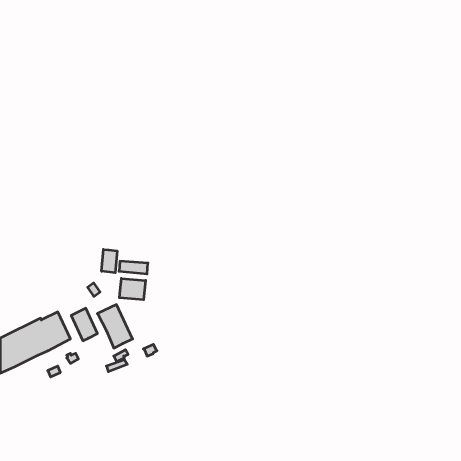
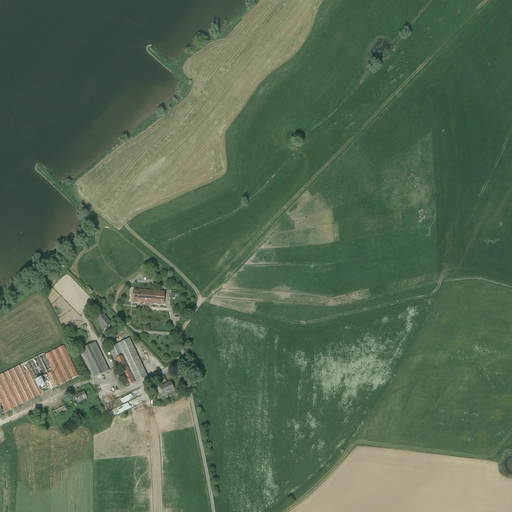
building: [102,249,117,273] -> none
building: [119,278,146,300] -> none

